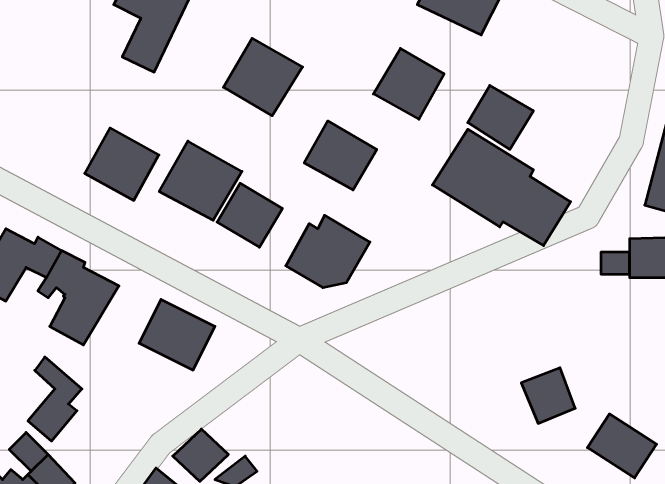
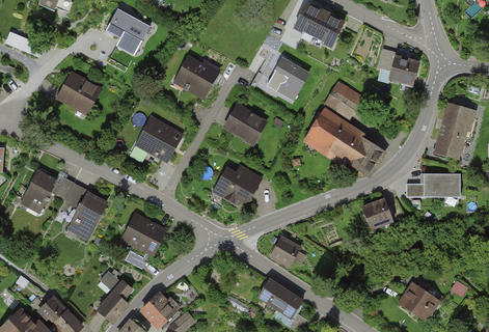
building: none -> [377,47,419,87]
building: [85,128,159,200] -> [56,70,102,114]
building: [217,183,282,247] -> none
building: none -> [269,236,301,269]
building: [28,357,82,441] -> [99,268,132,320]
building: [521,368,575,423] -> [360,197,393,231]
building: none -> [253,276,299,315]

